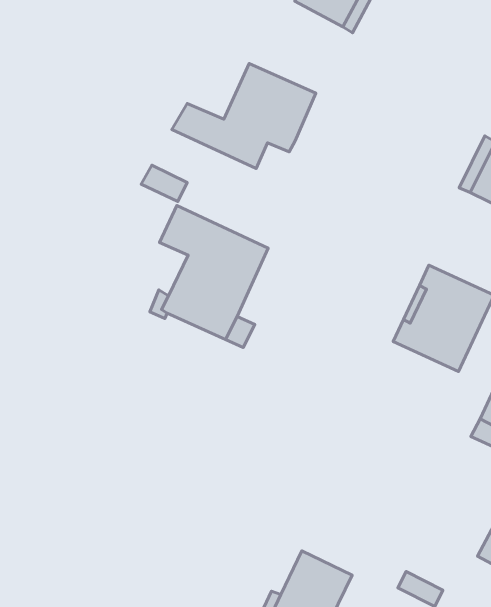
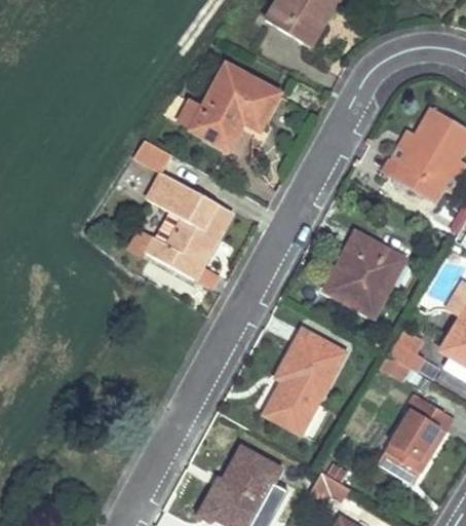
building: none -> [264,330,343,441]

